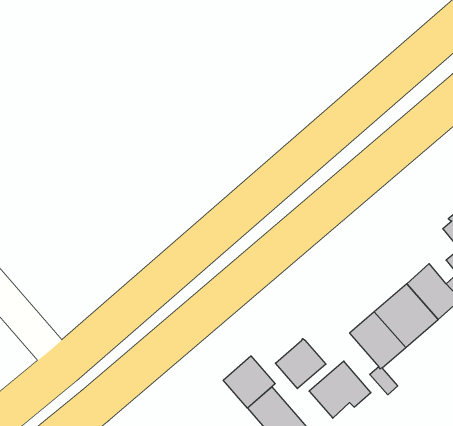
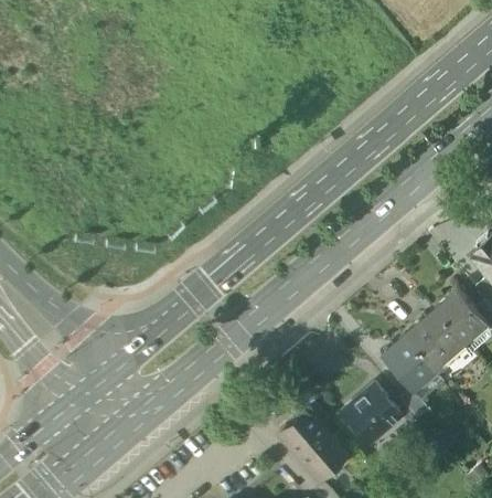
building: [275,339,326,389] -> none
building: [223,356,275,408] -> none

